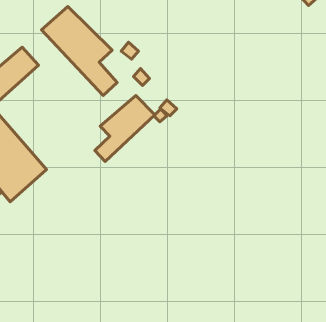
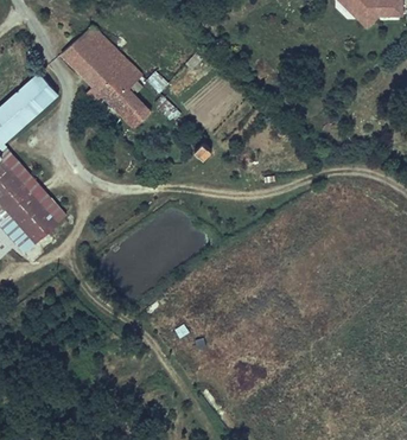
building: [95,96,155,161] -> none

